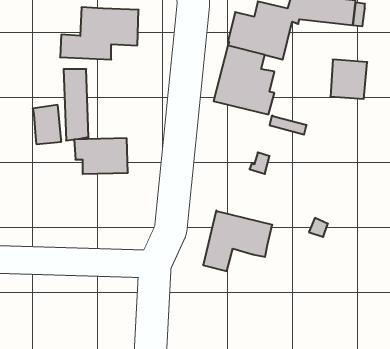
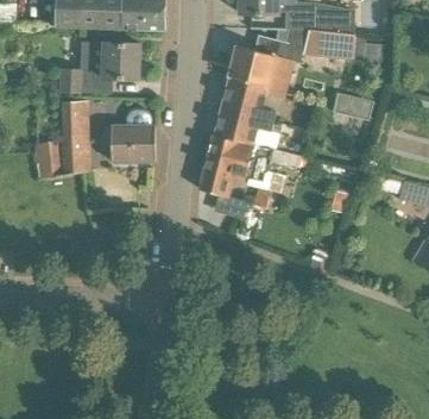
building: [74,138,128,174] -> [102,125,156,161]
building: [203,210,272,271] -> [200,133,269,194]

